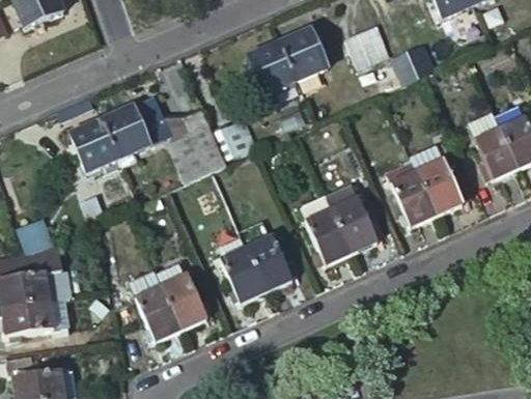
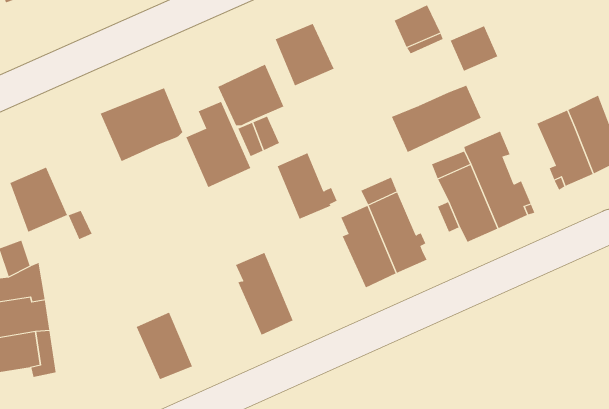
building: [282,27,333,80] -> none
building: none -> [218,64,284,126]
building: none -> [391,85,482,153]
building: [73,117,121,172] -> [9,167,68,232]
building: [247,234,298,290] -> [277,152,338,219]
building: [156,258,207,329] -> none

